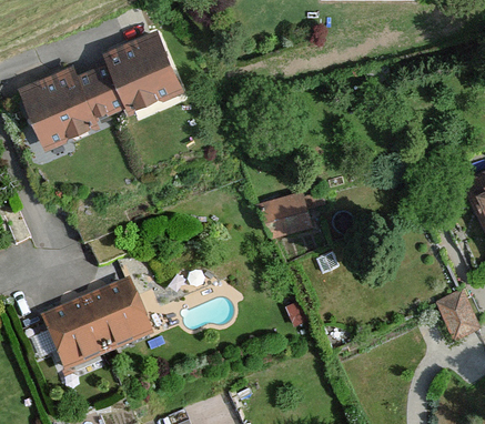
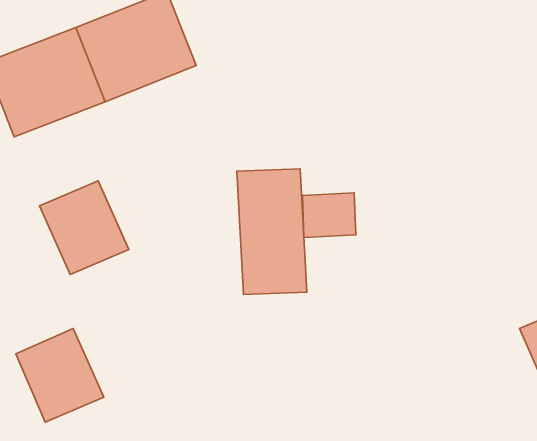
building: none -> [237,169,307,295]
building: [84,281,155,355] -> [39,181,129,275]

